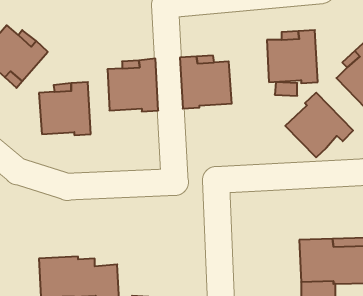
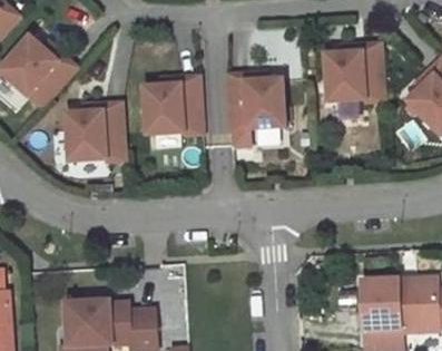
building: [285,93,353,157] -> none

